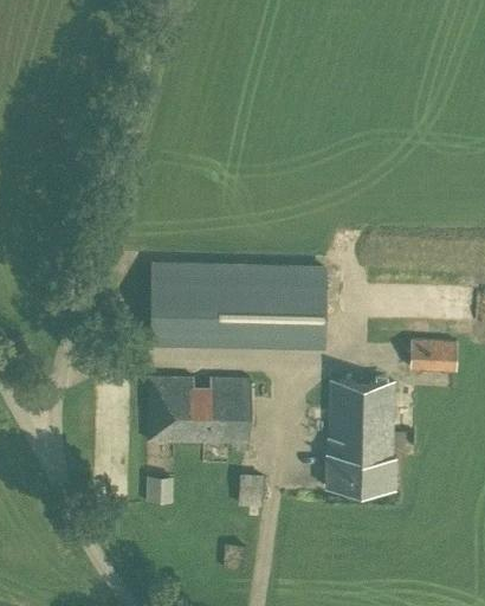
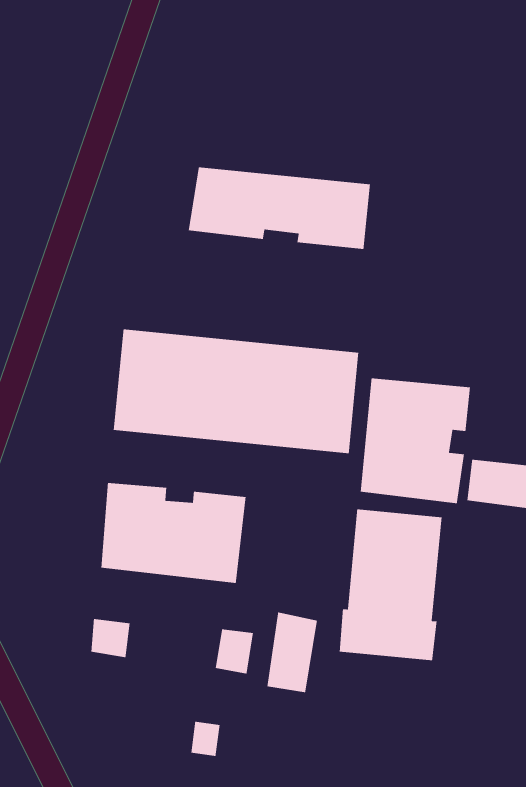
building: none -> [188,167,371,250]
building: none -> [360,377,471,504]
building: none -> [266,612,318,693]

